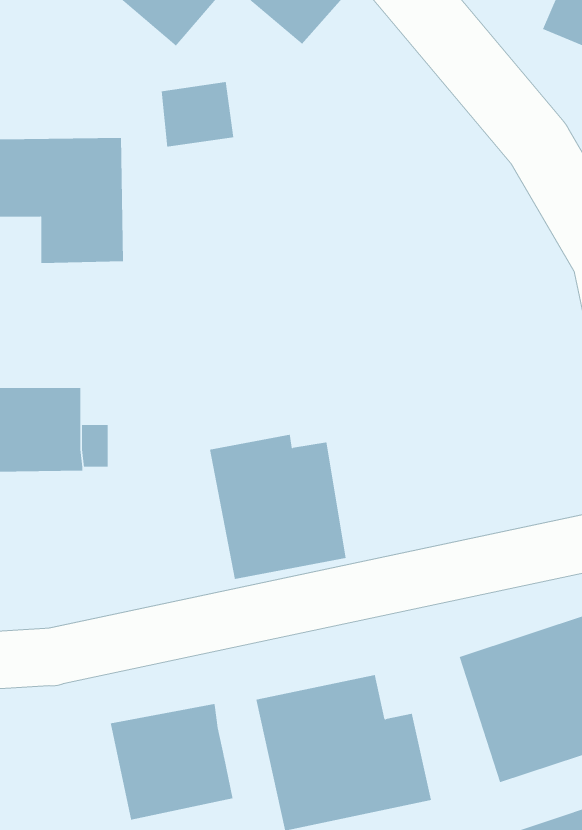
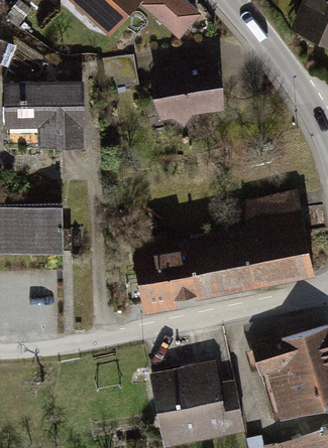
building: none -> [154,62,218,125]
building: none -> [188,192,314,300]
building: [110,703,233,821] -> none

